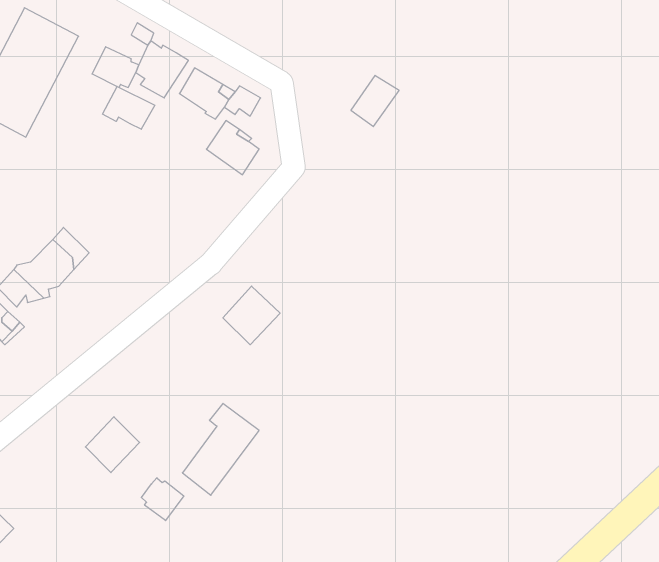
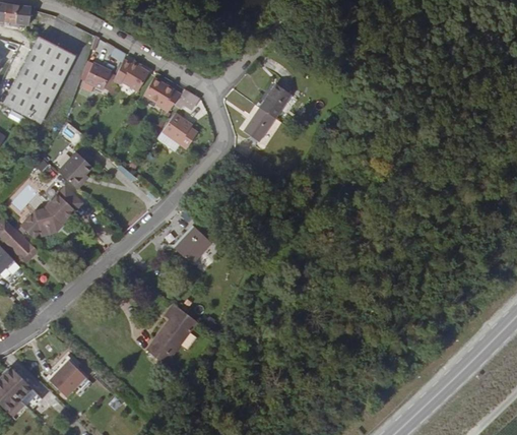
building: [103,86,155,129] -> none
building: none -> [243,106,274,140]
building: none -> [57,151,92,190]
building: [85,417,140,473] -> [49,360,85,397]
building: [141,478,184,521] -> none

